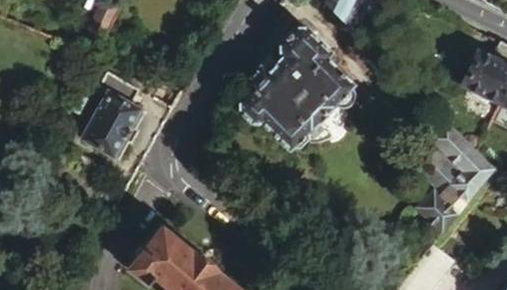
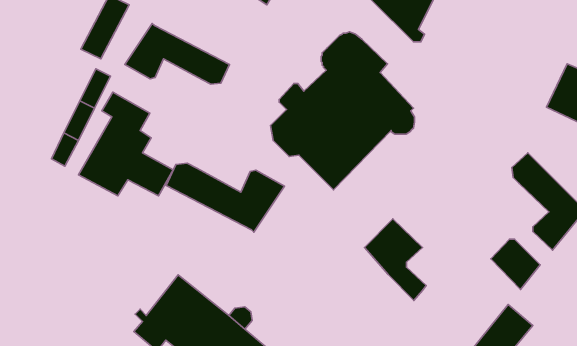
building: none -> [125,23,229,84]
building: none -> [166,163,285,232]
building: [419,151,469,217] -> [365,219,426,300]

